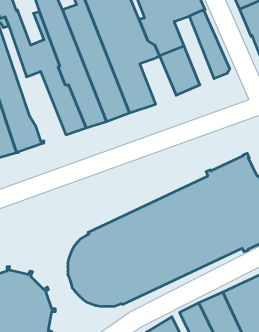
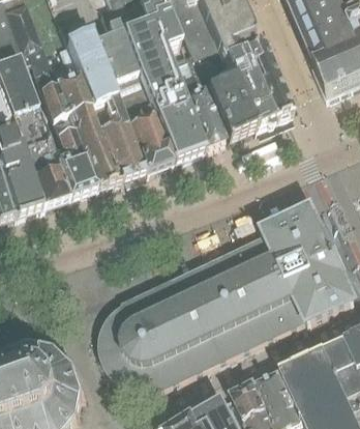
building: none -> [226,46,273,127]
building: none -> [185,94,223,149]
building: none -> [52,111,98,195]

